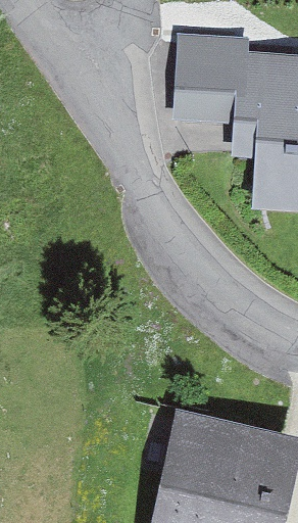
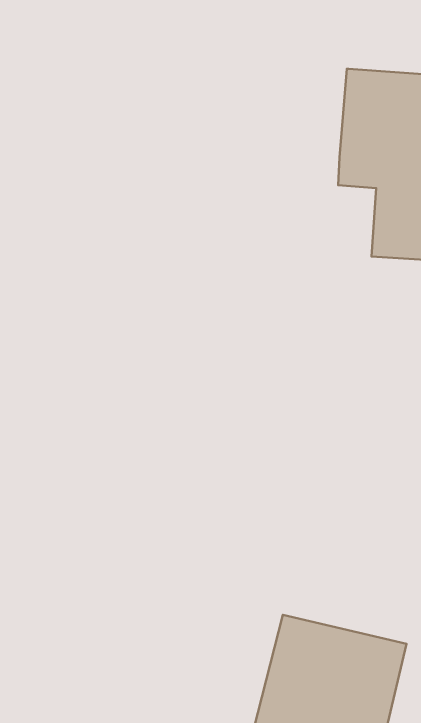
building: [178,34,247,114] -> none

